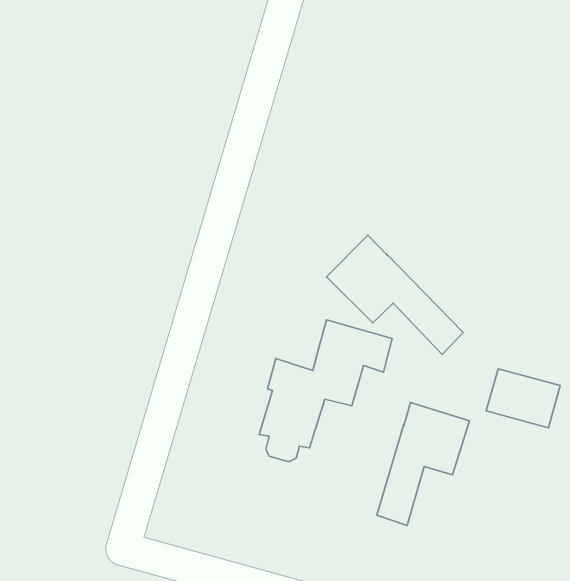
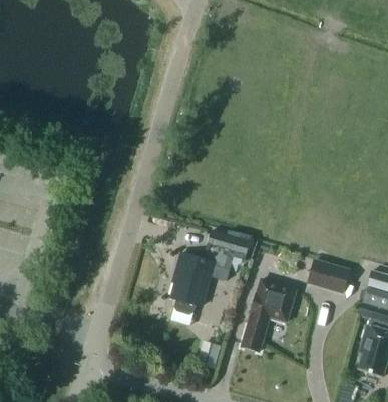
building: [327,235,463,354] -> none

